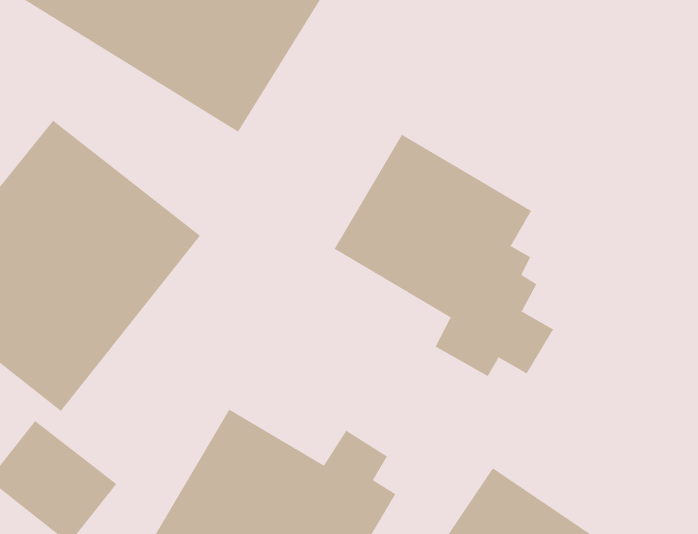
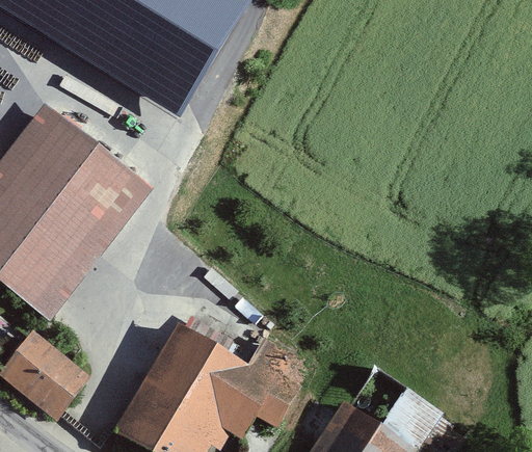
building: [334,134,554,377] -> none

